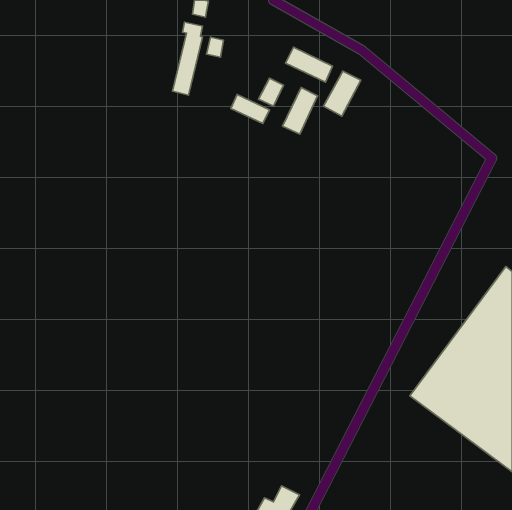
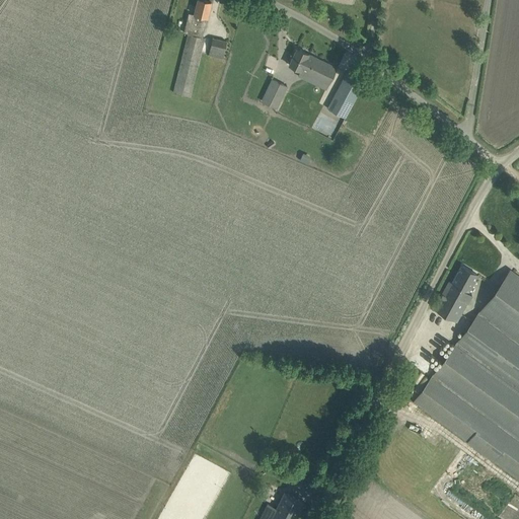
building: [283,87,318,134] -> none
building: [231,95,270,123] -> none
building: none -> [434,267,477,323]

